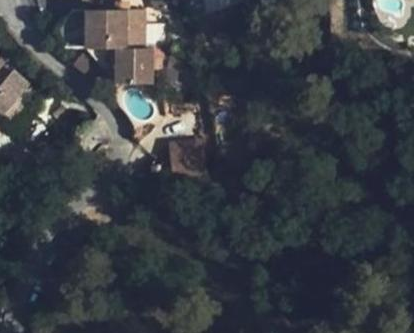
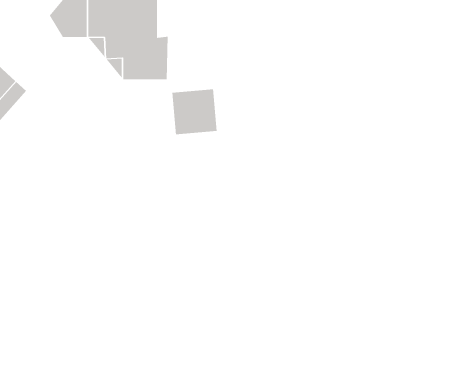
building: [168,137,206,175] -> [171,89,218,135]

